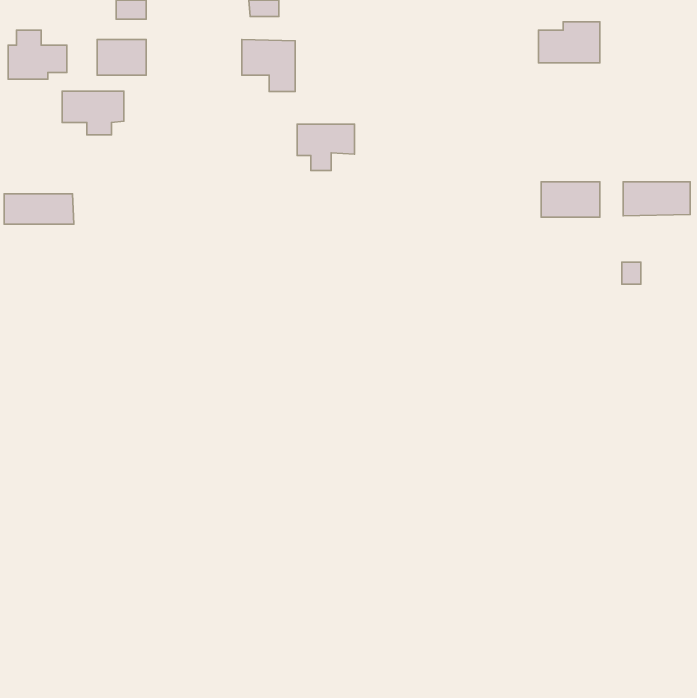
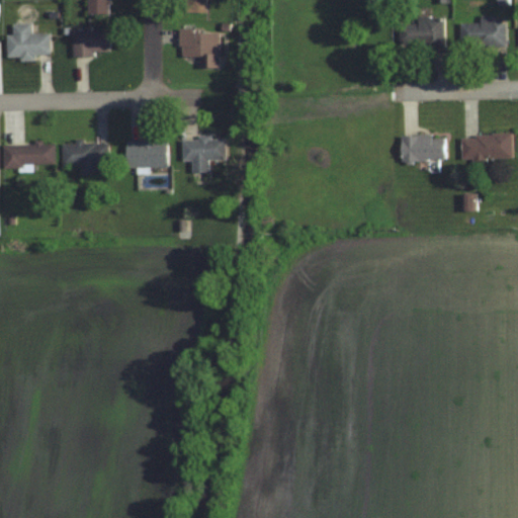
building: none -> [461,16,506,47]
building: [62,91,124,135] -> [63,142,108,174]
building: [297,124,354,170] -> [183,138,226,172]
building: none -> [126,141,168,168]

